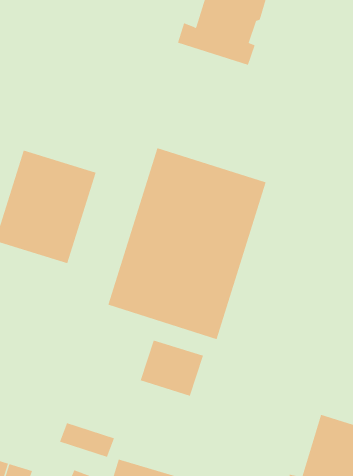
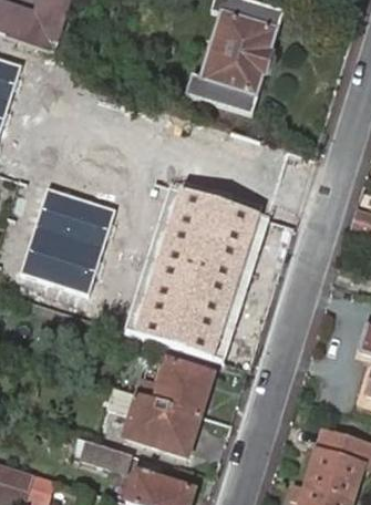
building: none -> [105,388,199,457]

